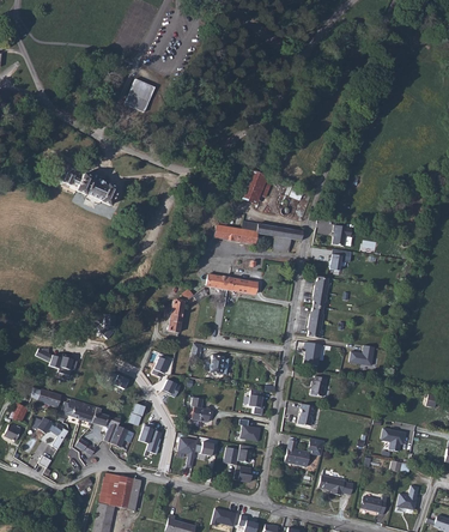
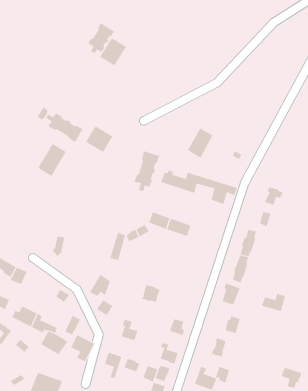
building: none -> [87,22,115,54]
building: none -> [85,126,113,153]
building: none -> [134,151,160,192]
building: none -> [38,143,66,177]

